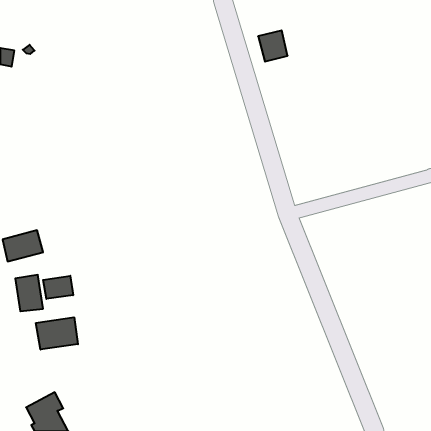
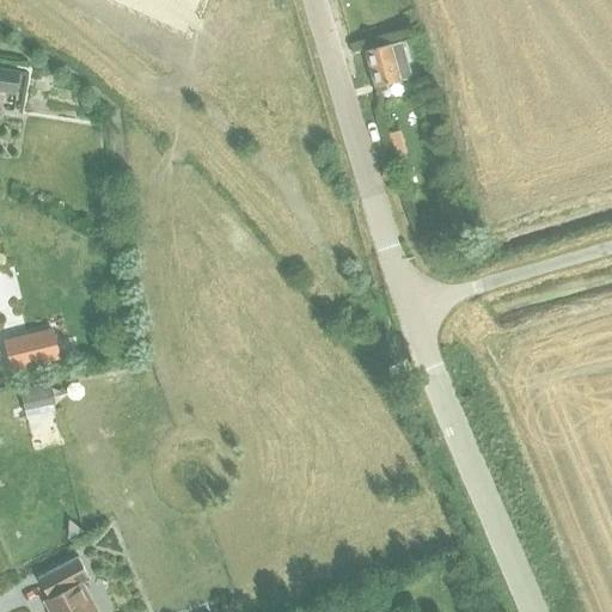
building: [43,276,73,299] -> none
building: [36,317,78,350] -> none

